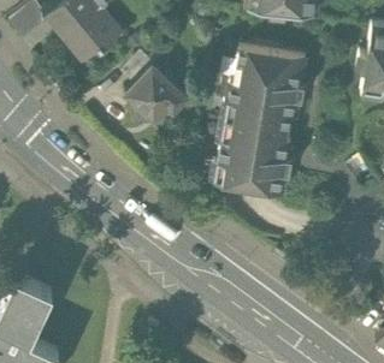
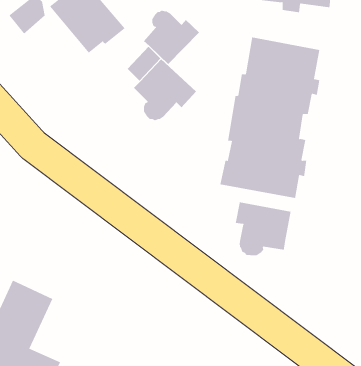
building: none -> [143,10,200,65]
building: none -> [235,202,291,256]

